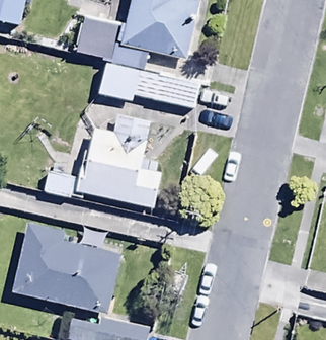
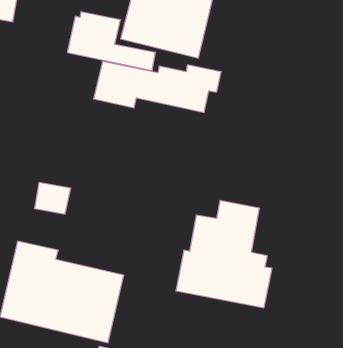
building: [74,112,160,208] -> [176,200,272,308]

